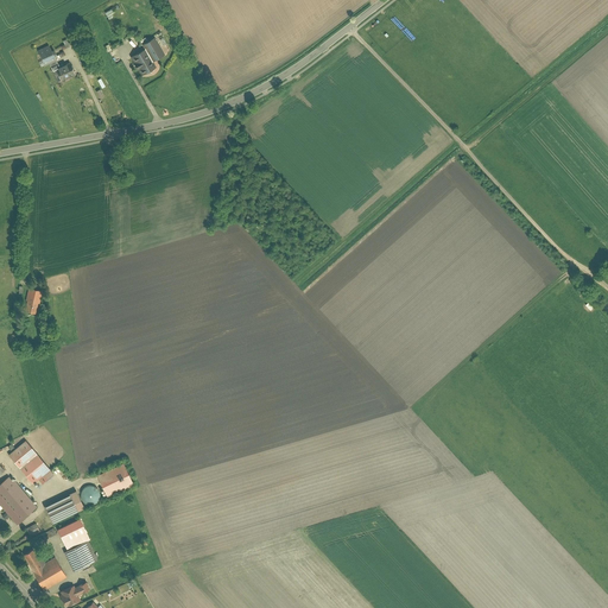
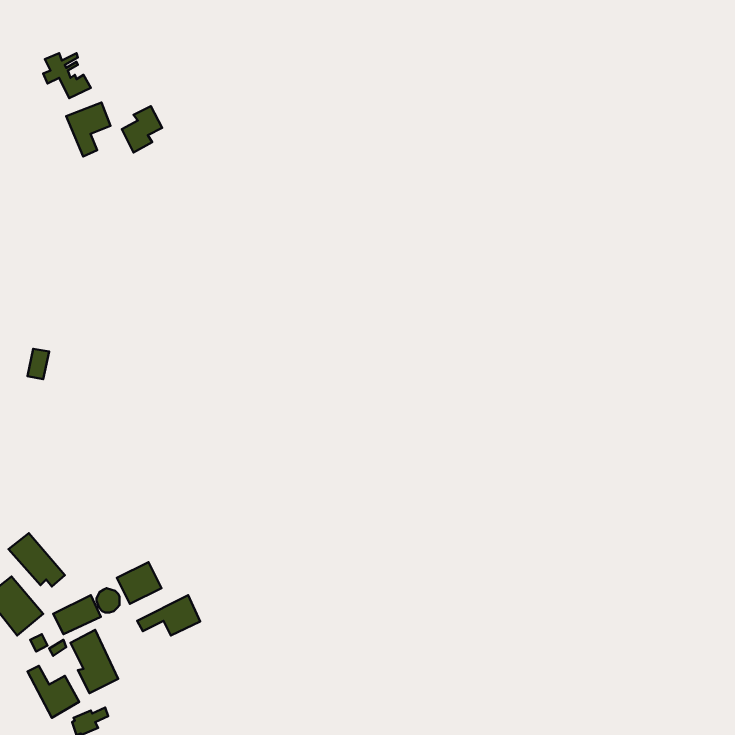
building: [131,37,164,75] -> [122,106,162,152]
building: none -> [66,103,110,156]
building: none -> [137,595,200,636]

